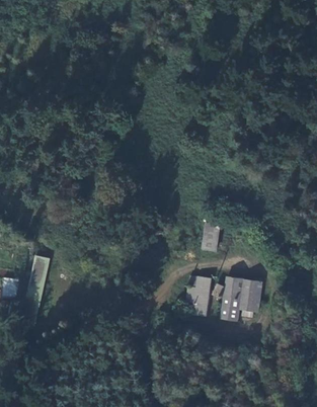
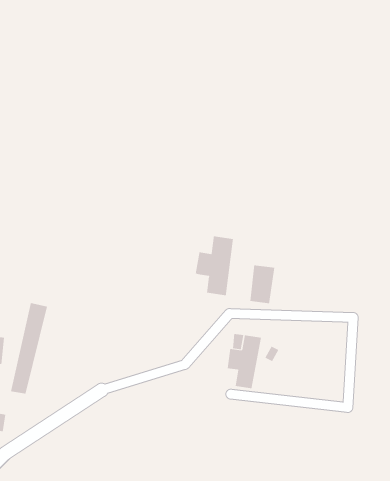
building: none -> [195,235,233,296]
building: [222,275,261,321] -> none

